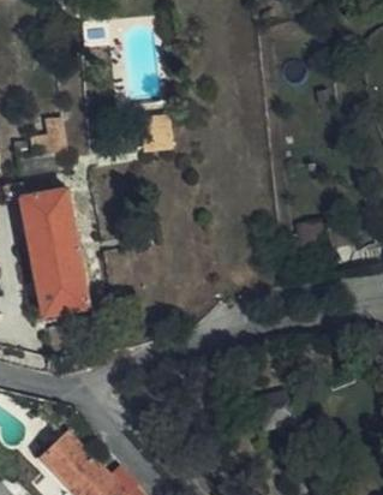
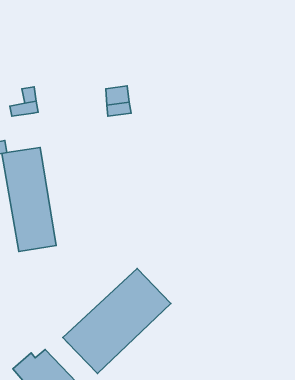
building: none -> [63,268,171,373]

